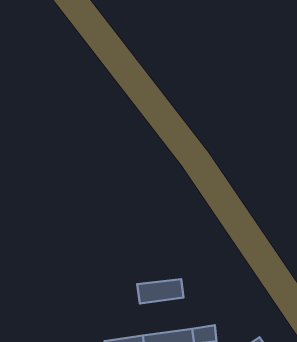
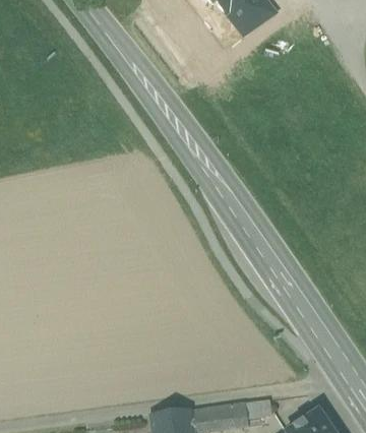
building: [137,279,184,303] -> none

